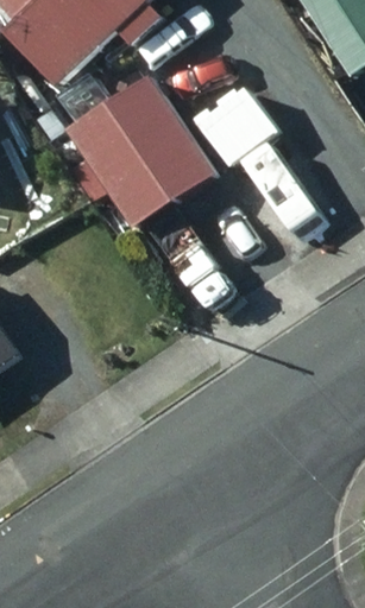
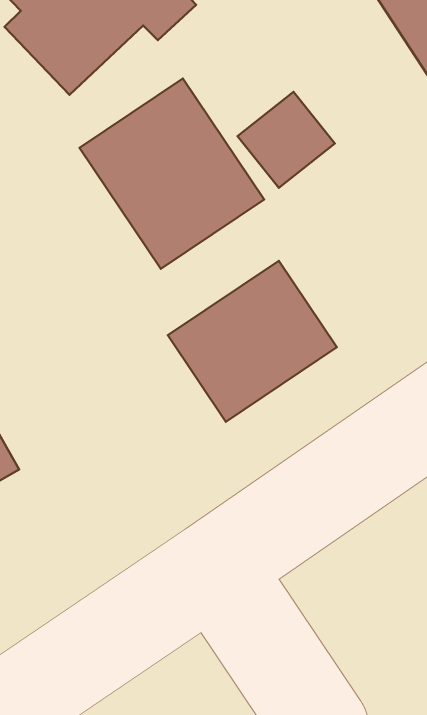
building: none -> [168,261,337,422]

